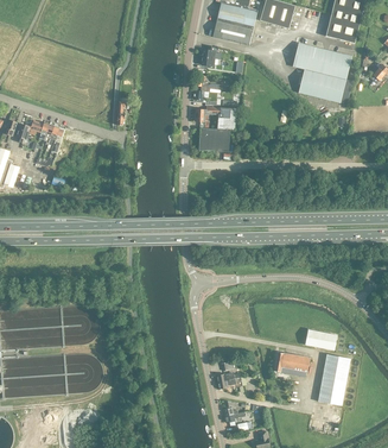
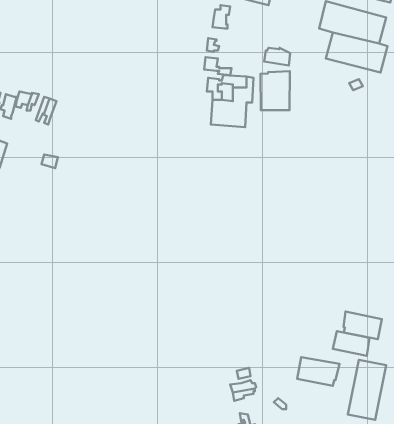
building: none -> [261,71,290,110]
building: none -> [343,311,382,339]

